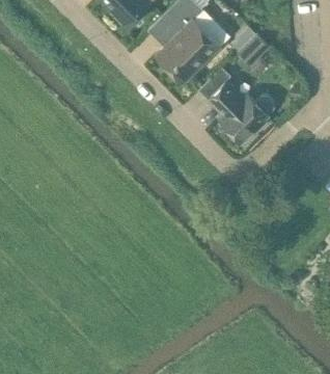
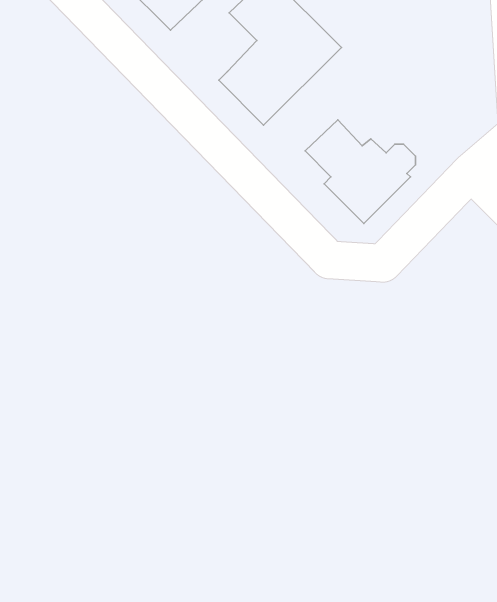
building: [236,33,269,66] -> none

